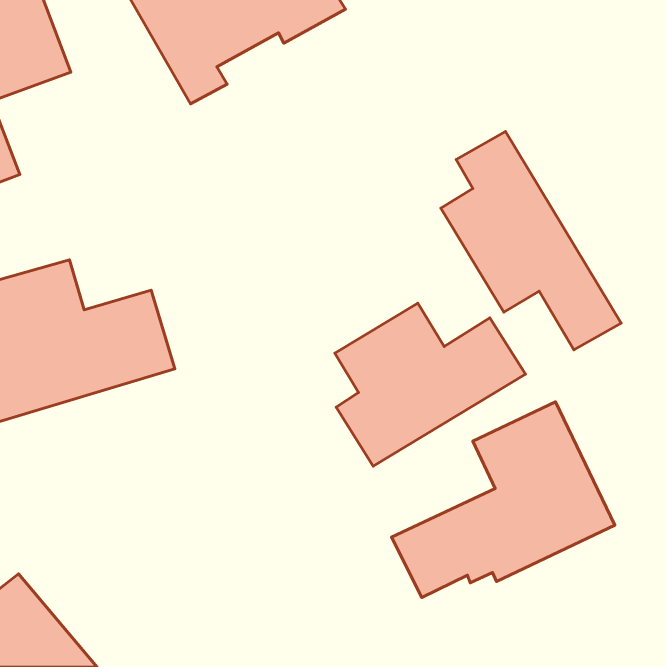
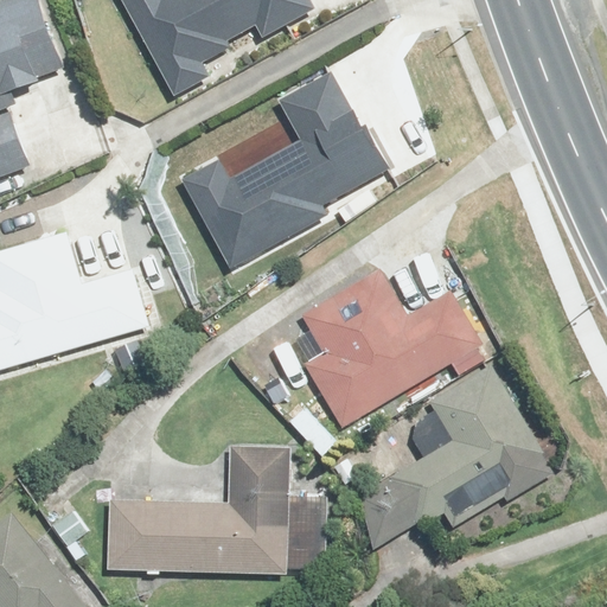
building: none -> [170,65,390,270]
building: [441,131,621,350] -> none
building: none -> [111,441,318,575]

